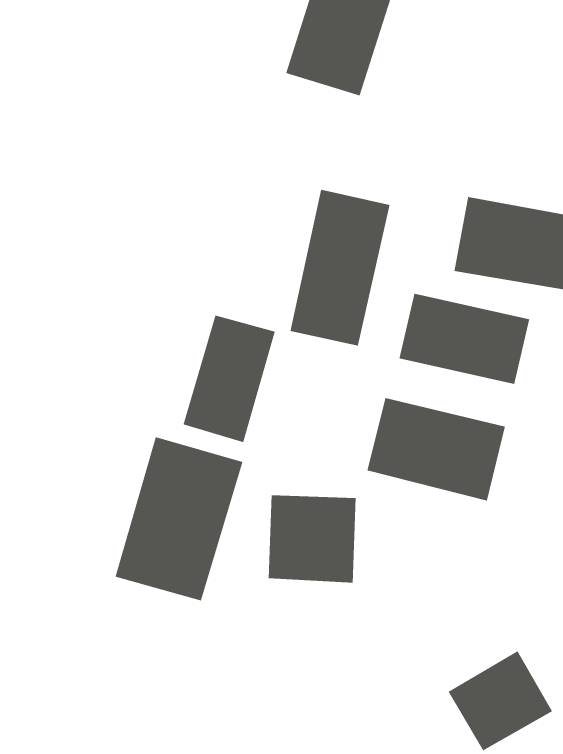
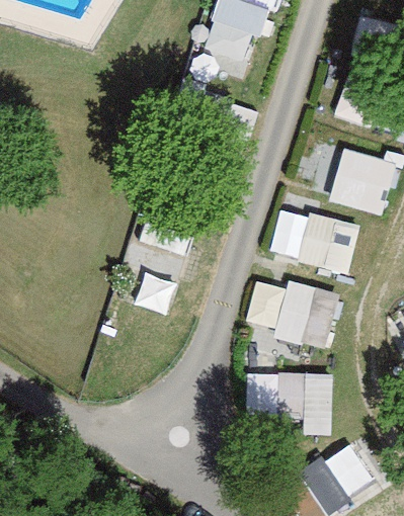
building: [290,189,391,346] -> none
building: [115,436,243,601] -> none
building: [268,494,357,583] -> [274,372,333,431]

